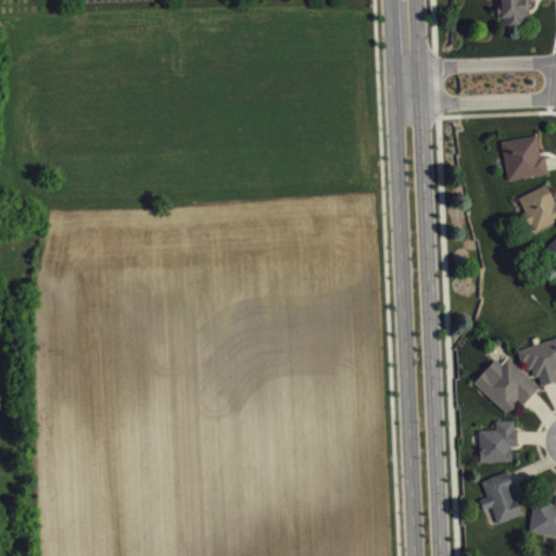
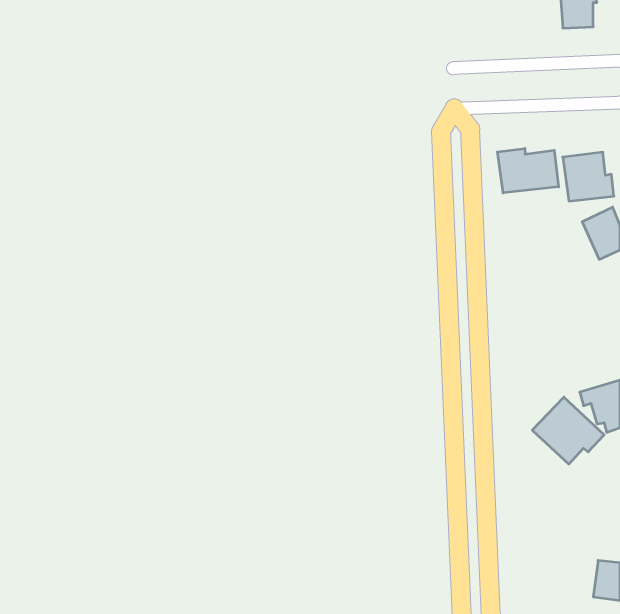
building: none -> [497,148,559,193]
building: [479,420,516,463] -> none
building: [480,472,521,523] -> none

